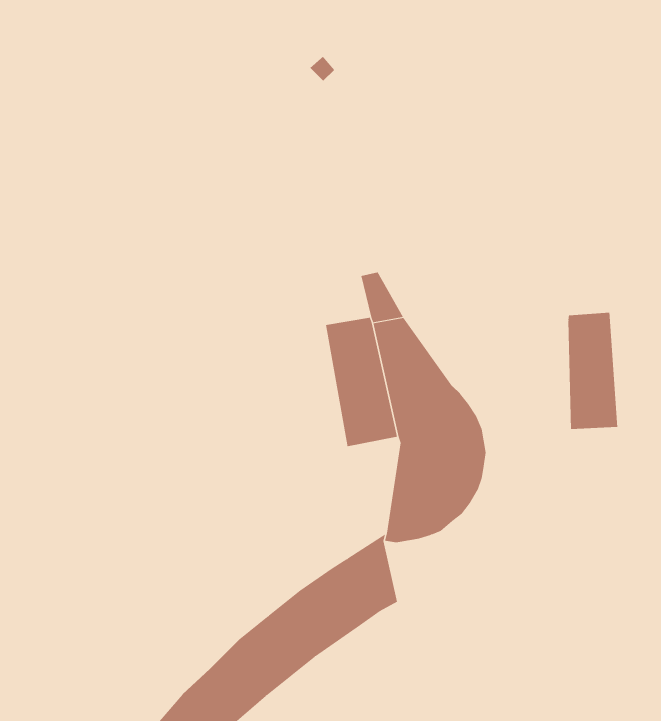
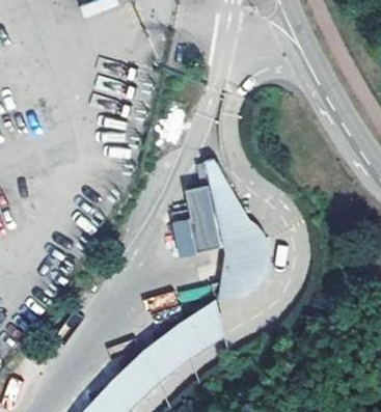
building: [568,312,618,430] -> none

